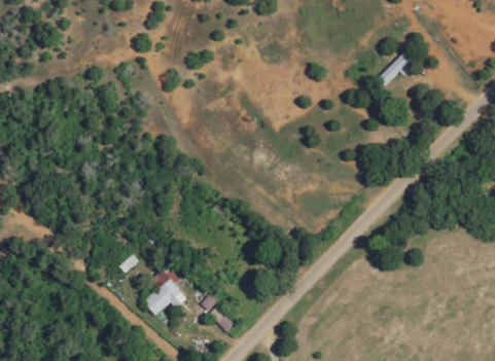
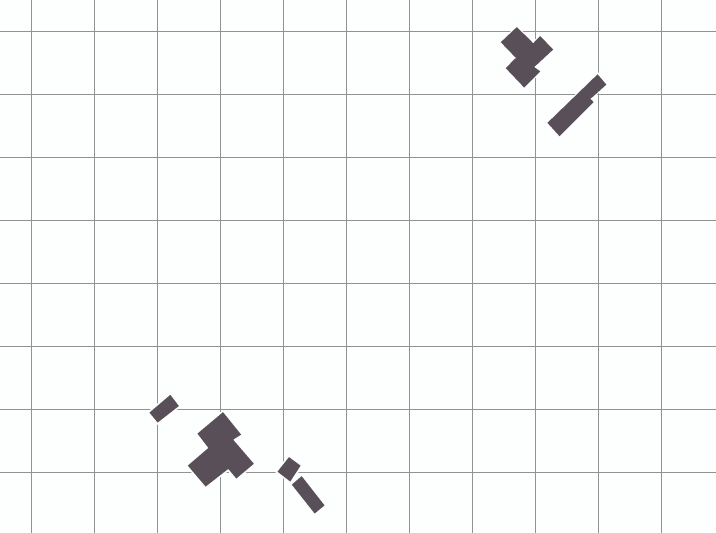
building: none -> [500,26,554,88]

